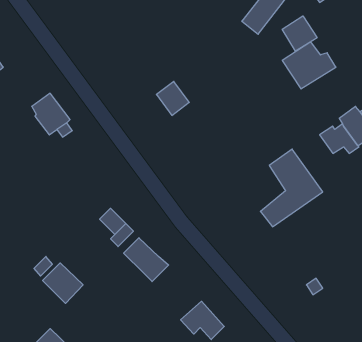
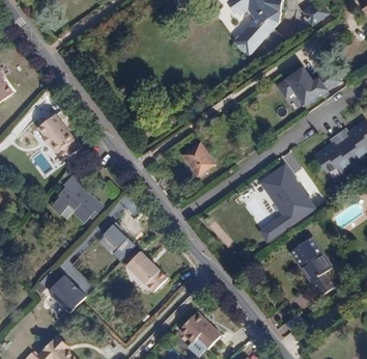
building: [282,16,317,51] -> none
building: [156,81,189,115] -> [182,143,214,175]
building: none -> [52,172,105,221]
building: none -> [289,236,345,295]

